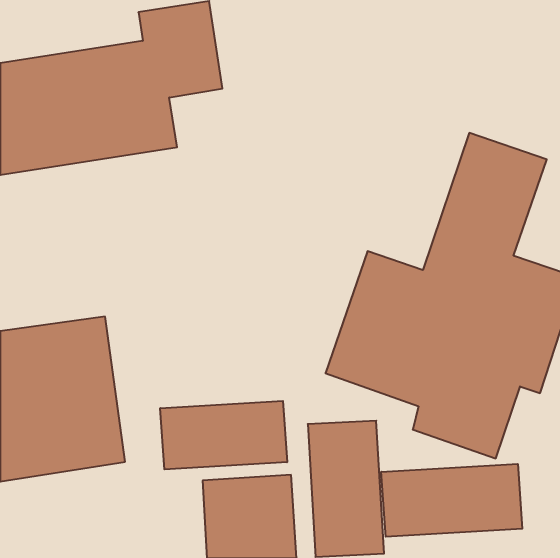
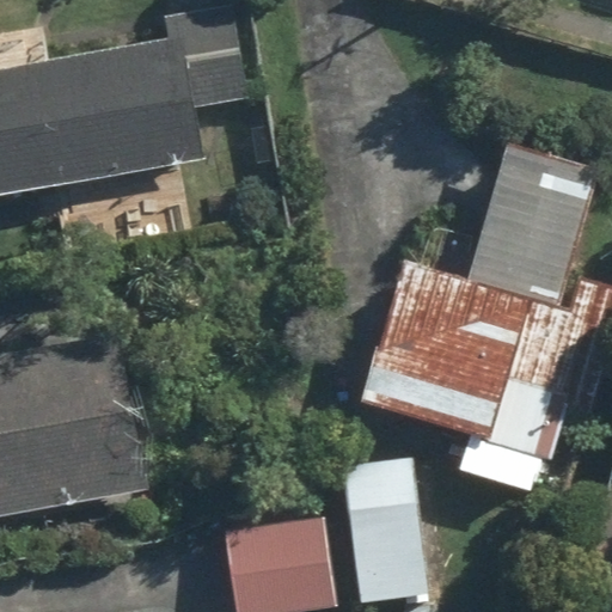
building: [160,401,287,469] -> none
building: [381,464,522,537] -> none

